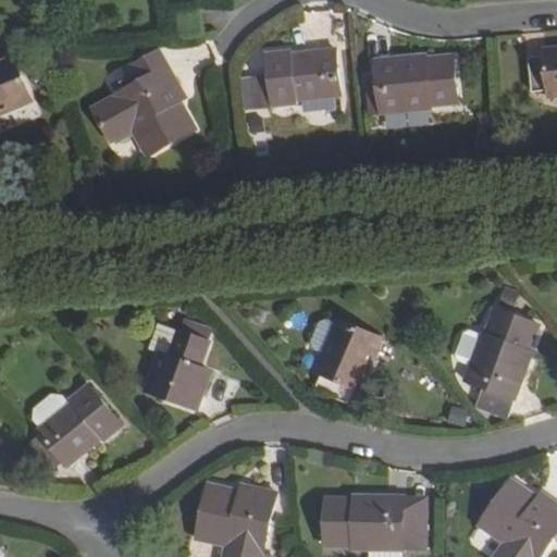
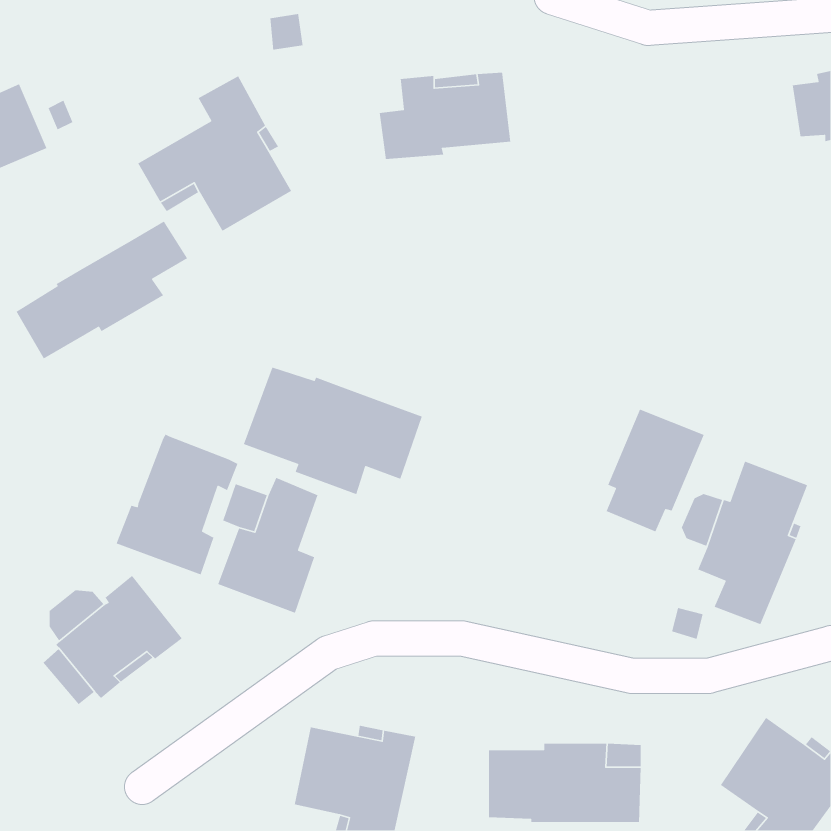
building: [366,54,458,113] -> none
building: none -> [16,221,188,360]
building: none -> [243,367,423,495]
building: none -> [115,434,238,576]
building: [314,320,381,403] -> [605,409,705,533]

